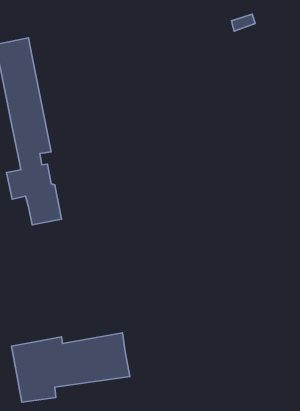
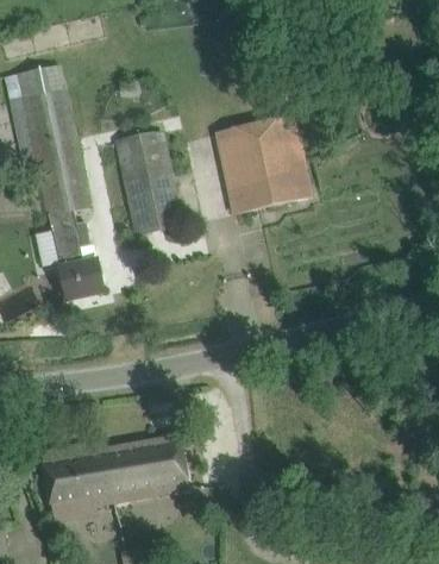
building: none -> [217,115,309,213]
building: none -> [115,132,181,234]

